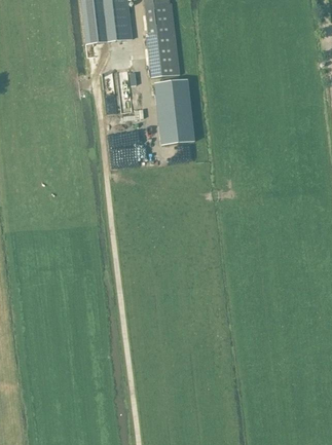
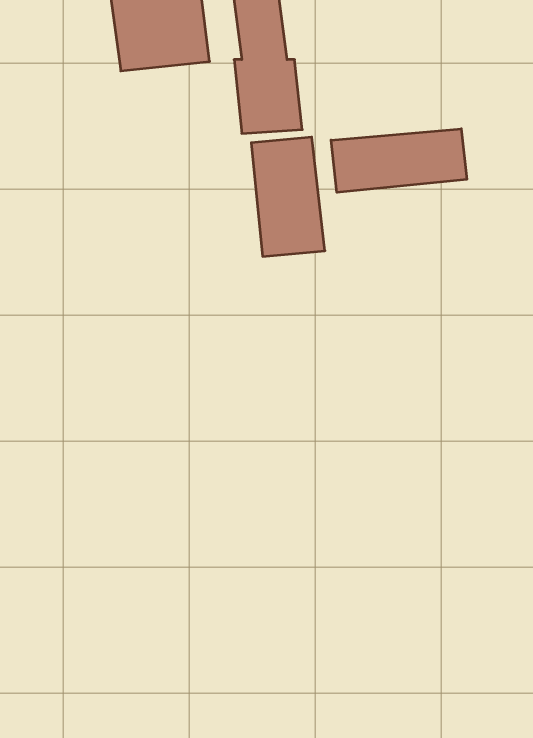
building: none -> [331,129,467,192]

